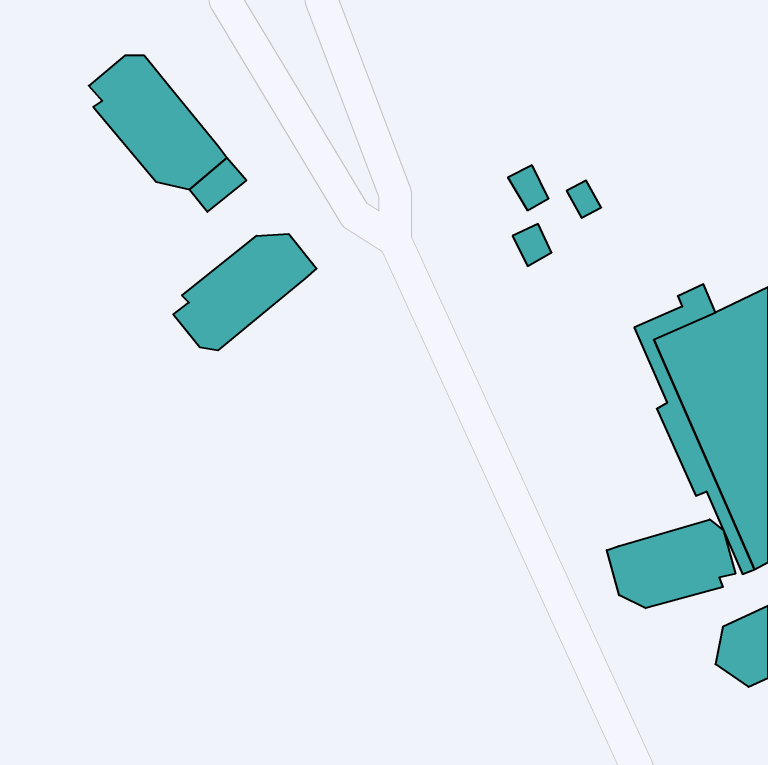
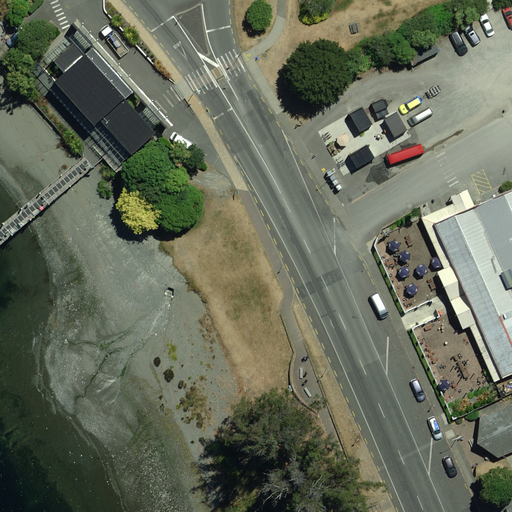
building: [173,234,317,350] -> none
building: [607,519,735,608] -> none

